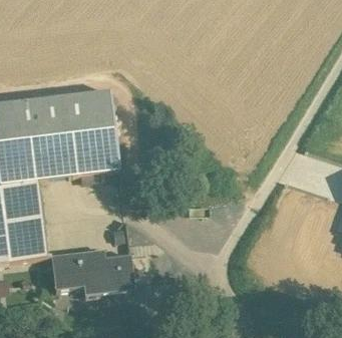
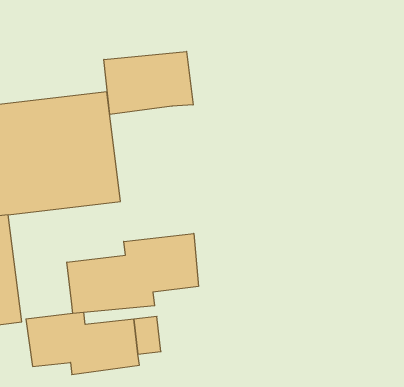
building: none -> [104,51,193,115]
building: none -> [67,233,198,313]

